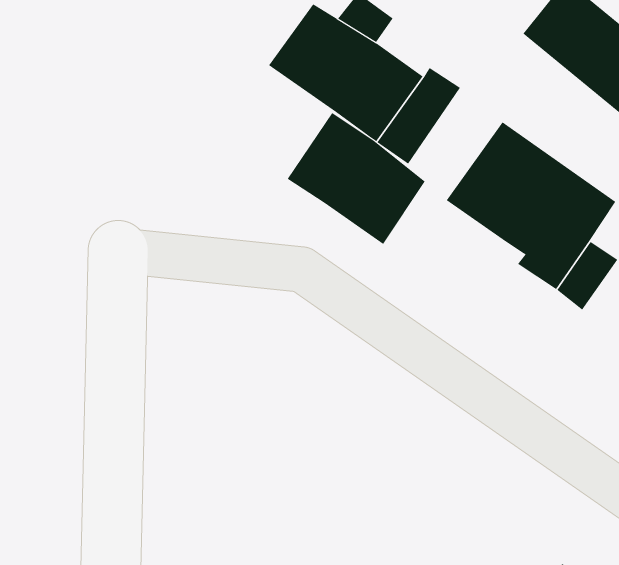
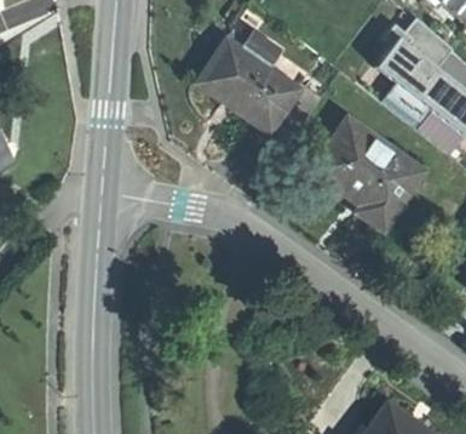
building: [287,112,426,245] -> none

